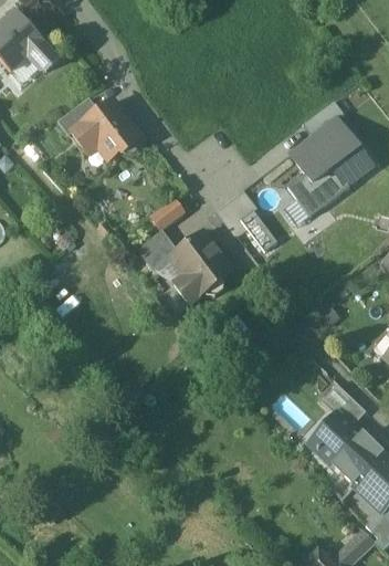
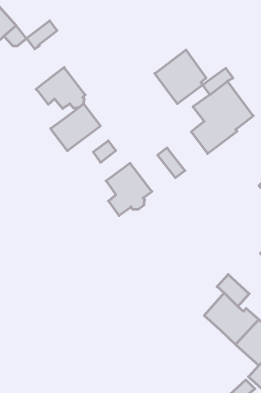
building: none -> [155,50,206,104]
building: [57,96,99,135] -> [26,21,57,49]
building: none -> [51,104,100,151]
building: [138,230,178,270] -> none

